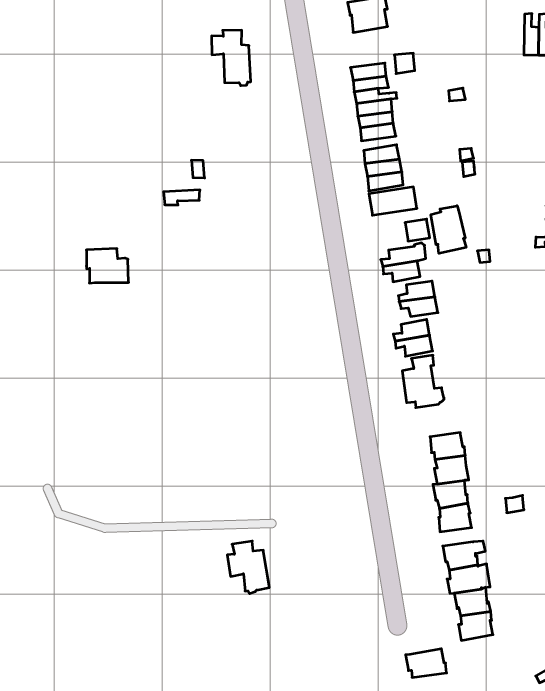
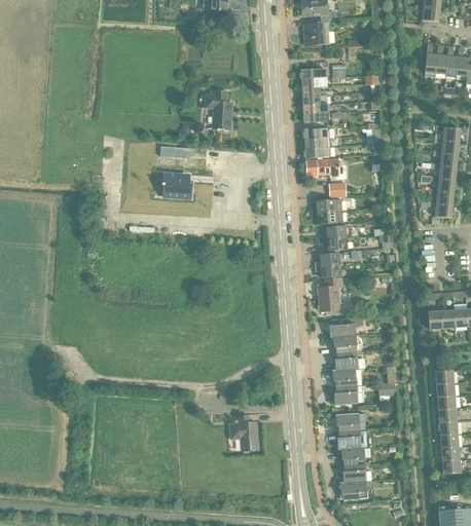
building: [212,30,251,86] -> [205,90,231,130]
building: [431,206,466,253] -> none
building: [86,249,129,283] -> [161,172,191,197]
building: none -> [329,317,362,337]
building: [227,541,269,594] -> [230,415,258,452]
building: [406,649,447,677] -> [339,480,367,498]

